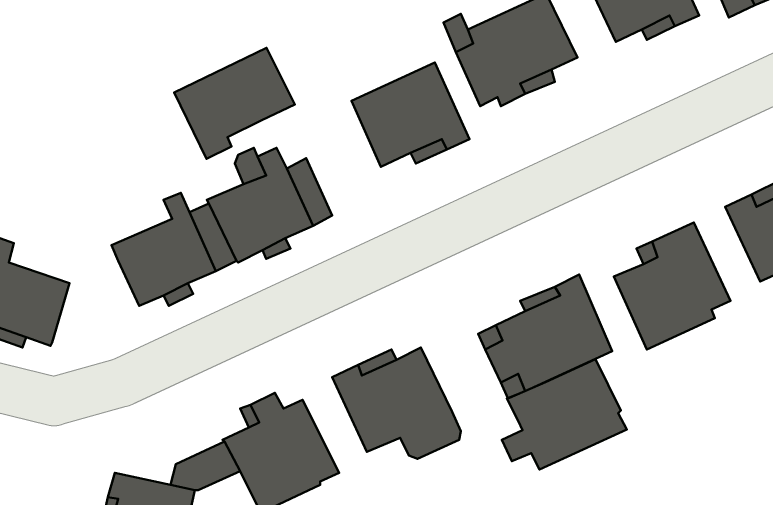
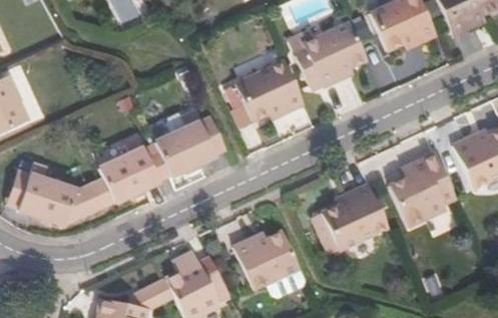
building: [174,48,295,159] -> none
building: none -> [65,176,115,223]
building: [502,359,627,469] -> none

